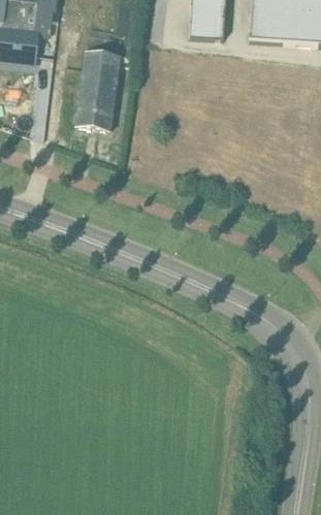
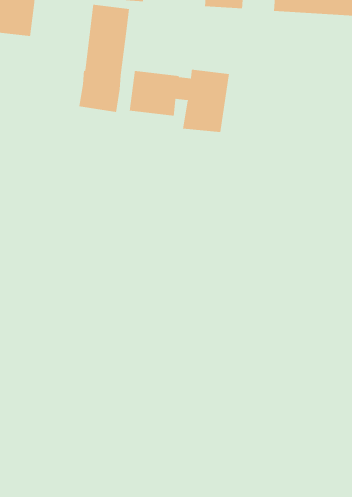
building: none -> [129,69,229,133]

